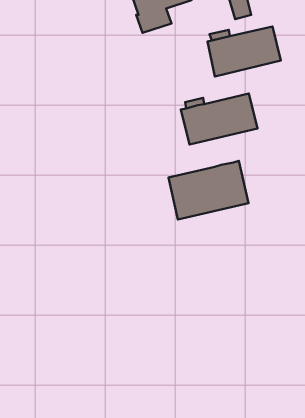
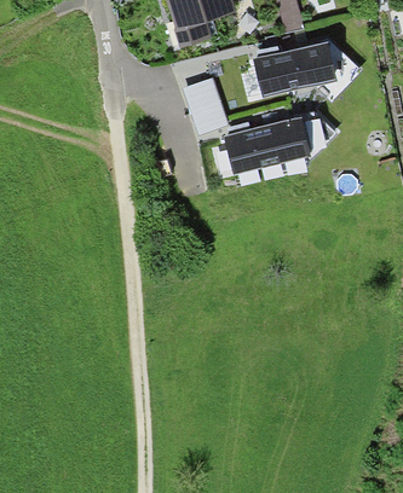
building: none -> [183,76,229,133]
building: [168,161,249,220] -> none

